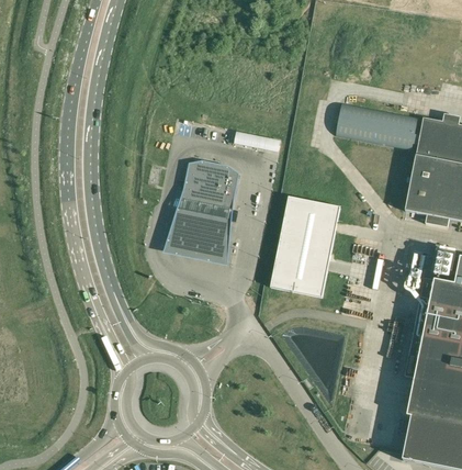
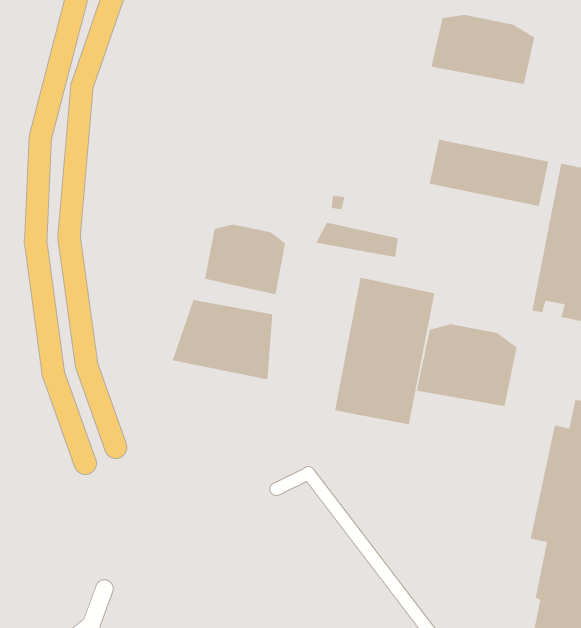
building: none -> [431,14,535,85]
building: [174,197,232,221] -> [315,222,399,257]
building: none -> [416,323,517,407]

